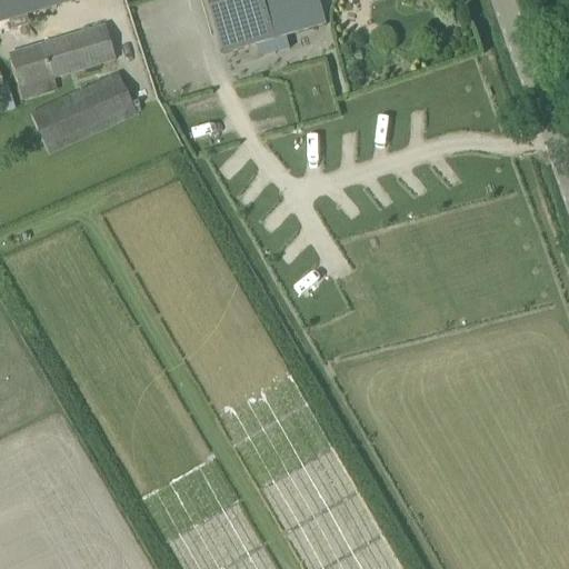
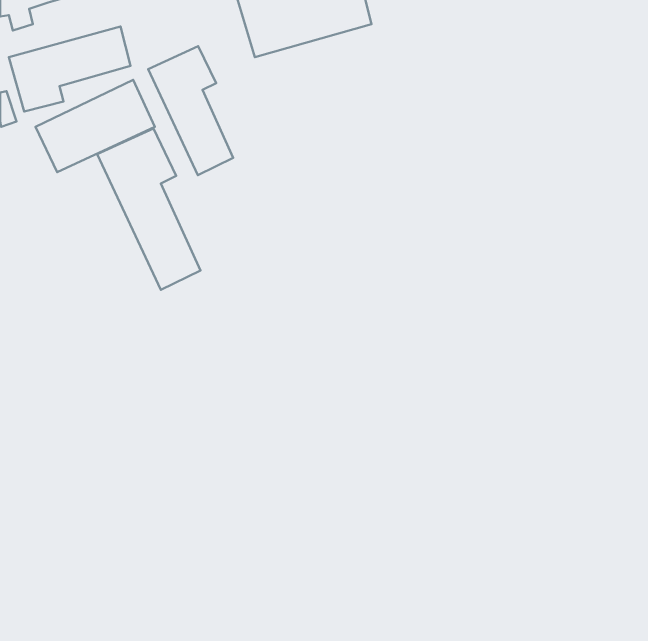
building: none -> [148,46,233,175]
building: none -> [97,129,201,290]

